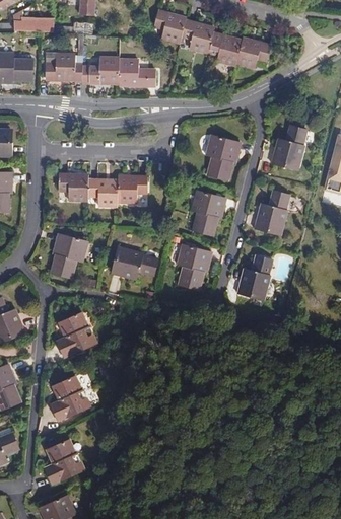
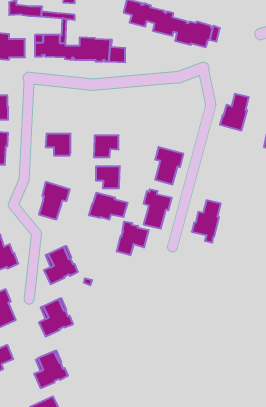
building: [206,135,241,180] -> none
building: [88,179,118,206] -> [96,166,120,188]
building: [254,191,289,235] -> none
building: none -> [117,221,149,255]

